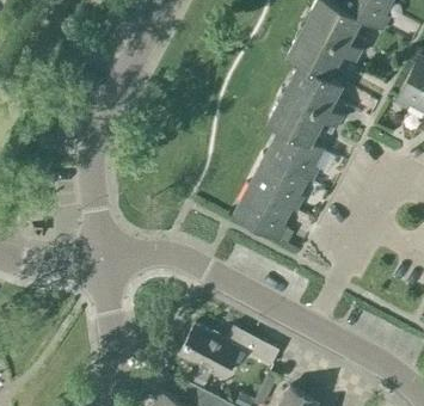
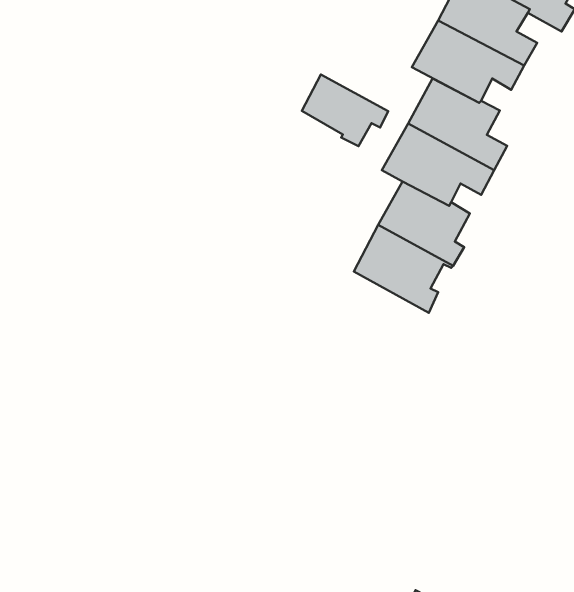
building: none -> [302,75,388,146]
building: [233,185,297,241] -> none
building: [179,325,278,383] -> none

